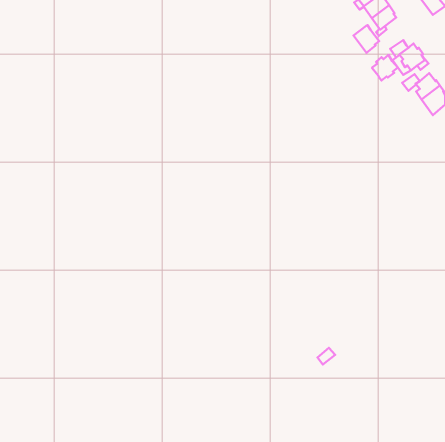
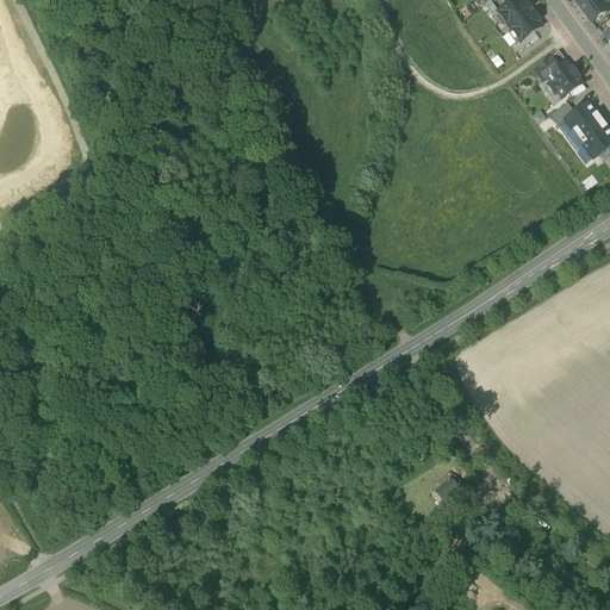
building: [354,25,379,53] -> none
building: [372,55,398,81] -> none

